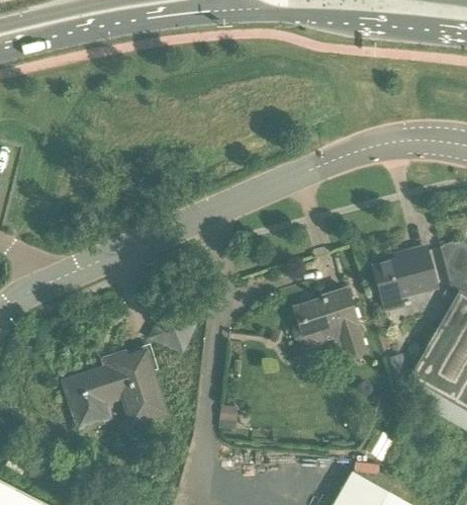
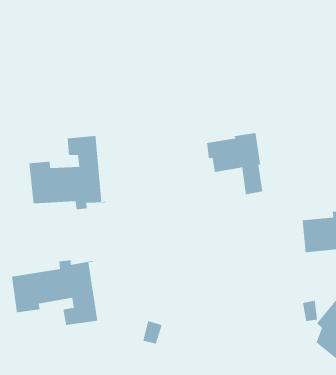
building: none -> [29,135,106,210]
building: [295,289,367,360] -> [206,133,263,195]

